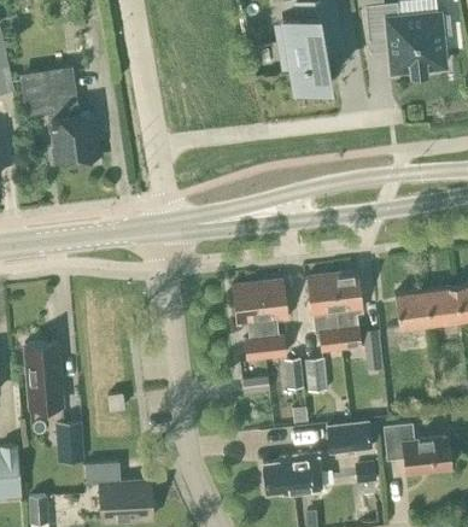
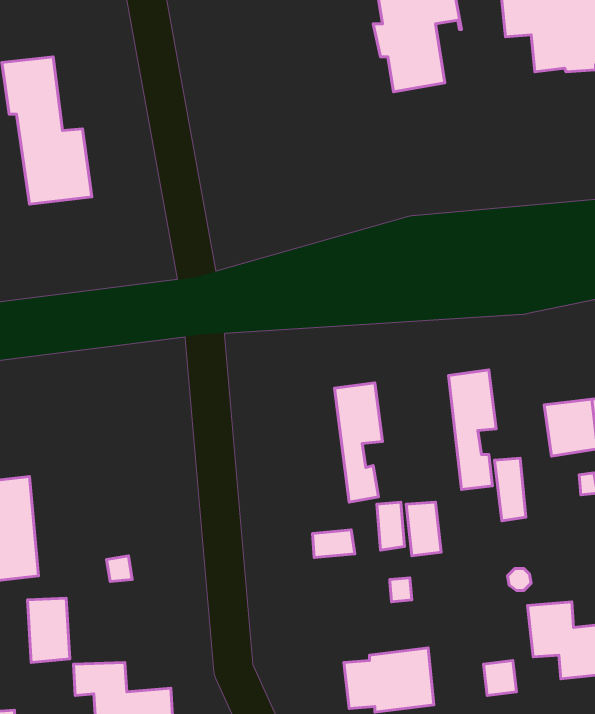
building: [306,275,340,352] -> none
building: [232,283,267,361] -> none
building: [326,420,373,455] -> none

